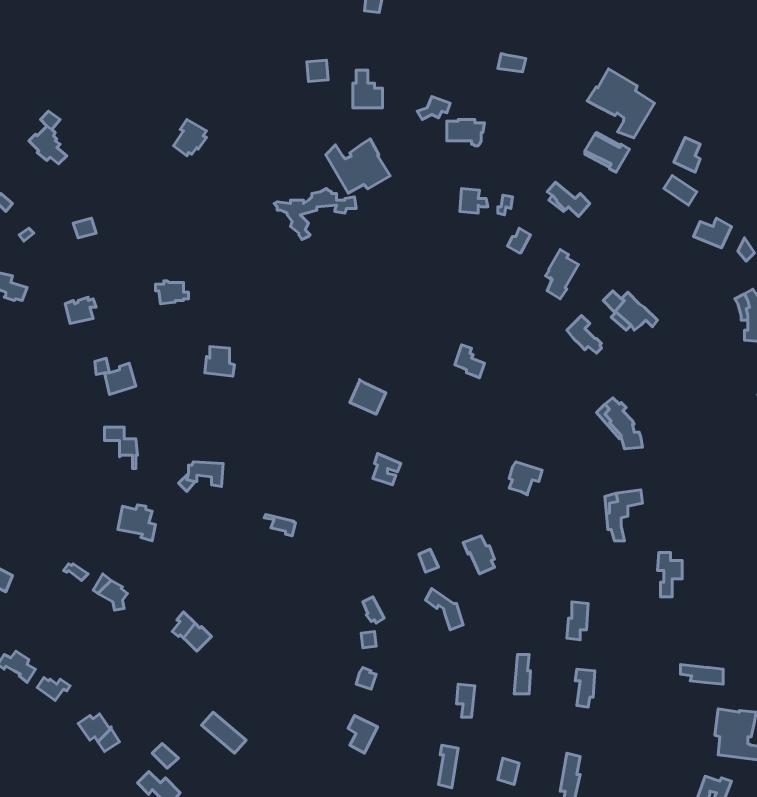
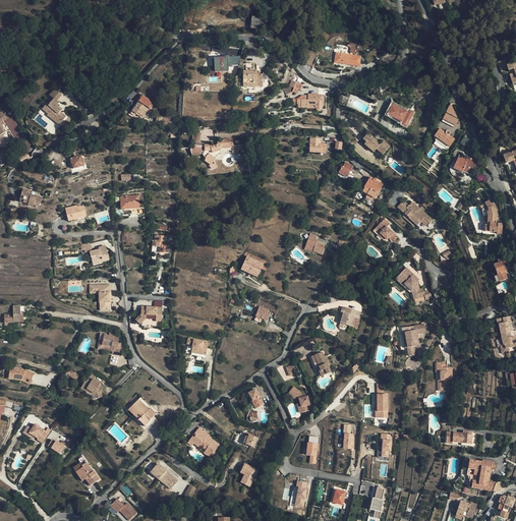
building: [587,69,655,138] -> none
building: [326,139,390,193] -> none
building: none -> [191,428,221,458]

